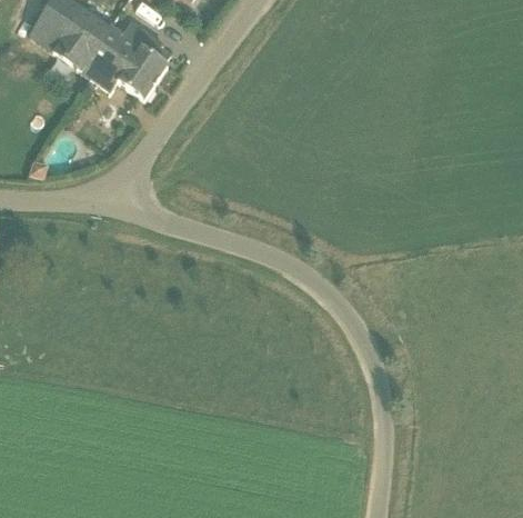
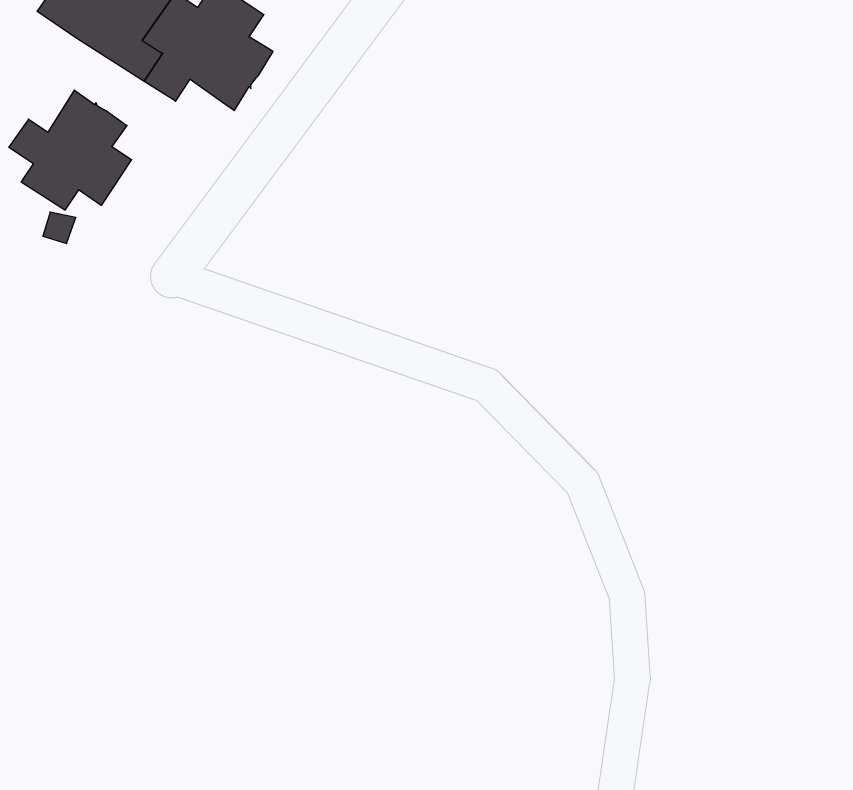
building: none -> [9,90,132,210]

